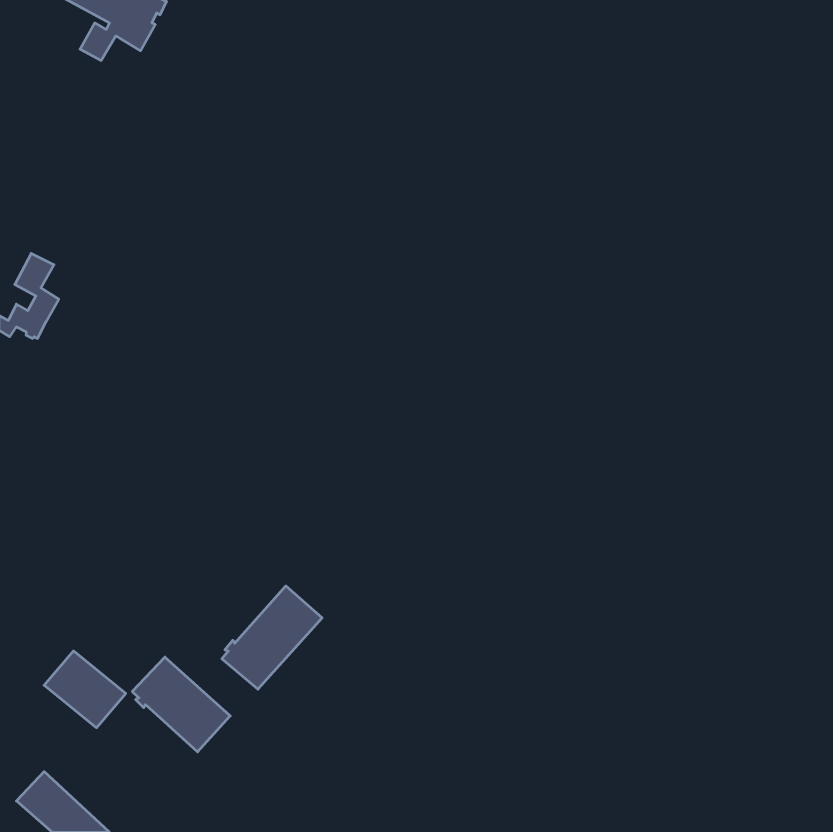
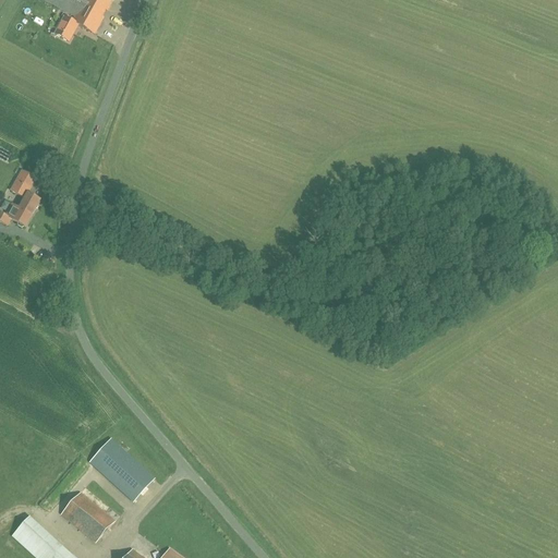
building: [222,586,322,689] -> none
building: [44,651,126,728] -> [60,492,114,543]

